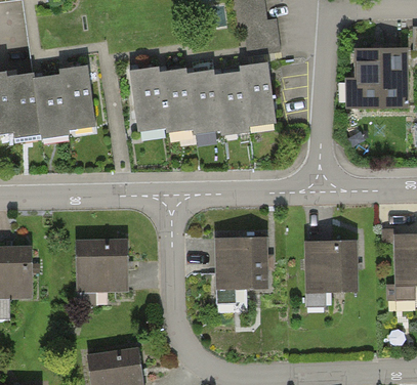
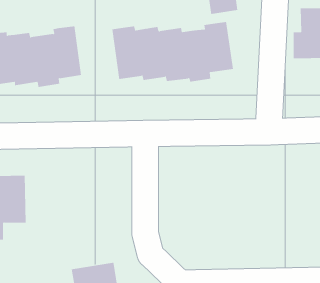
building: [212,239,265,303] -> none
building: [74,240,128,305] -> none
building: [302,242,356,305] -> none

